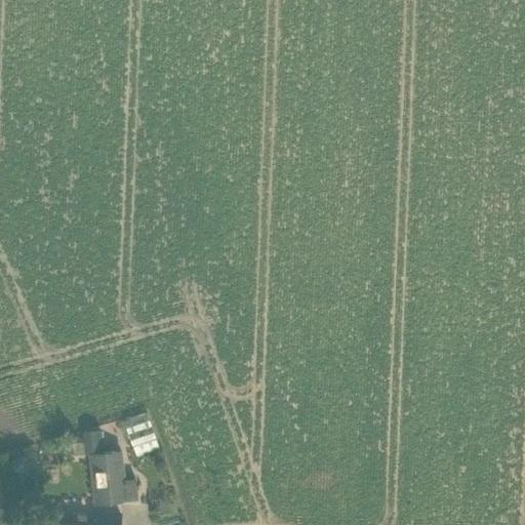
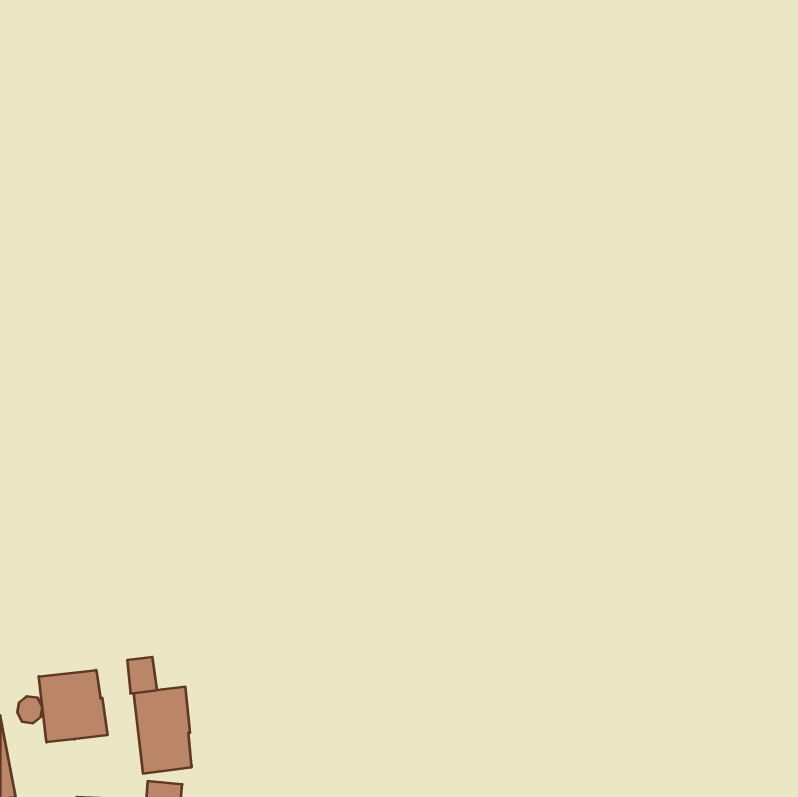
building: none -> [39,670,107,742]

